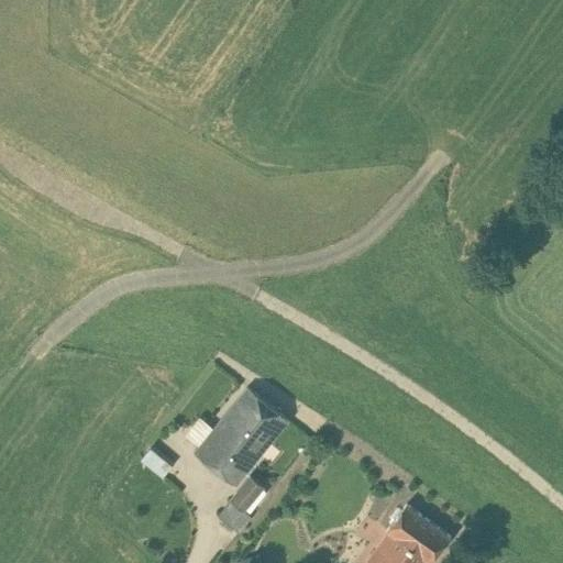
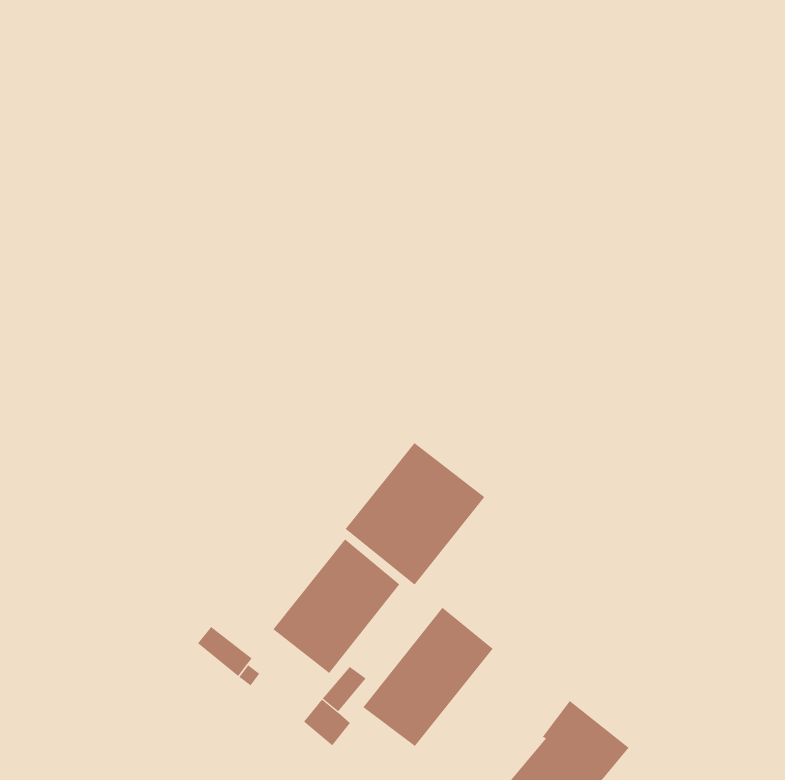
building: none -> [345,442,485,585]
building: none -> [362,607,494,747]

